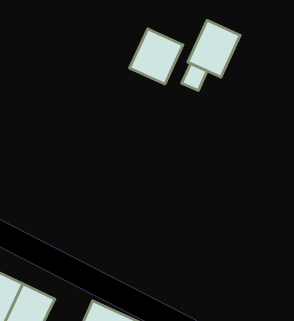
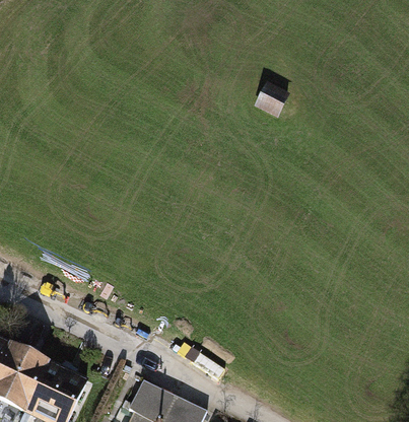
building: [188,20,240,77] -> none
building: [130,29,183,84] -> none

